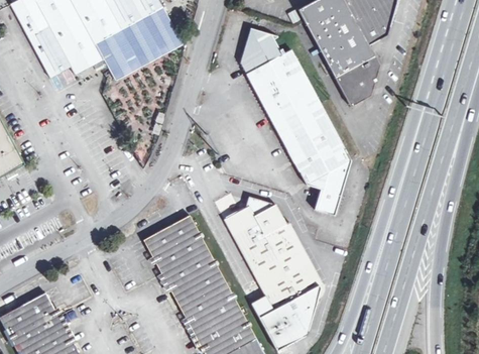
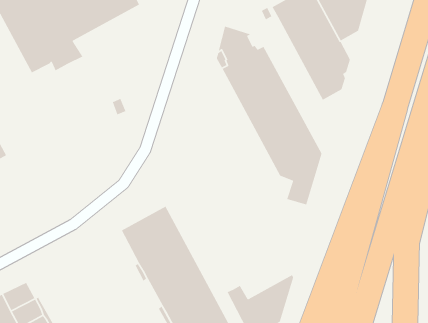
building: [94,7,184,82] -> none
building: [224,197,322,310] -> none

